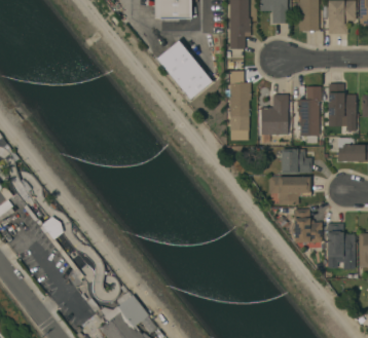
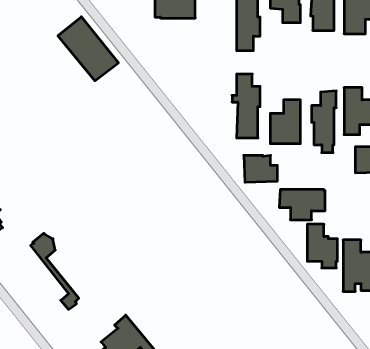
building: [157,41,213,100] -> [58,17,118,81]
building: [281,149,311,174] -> [244,155,277,182]

